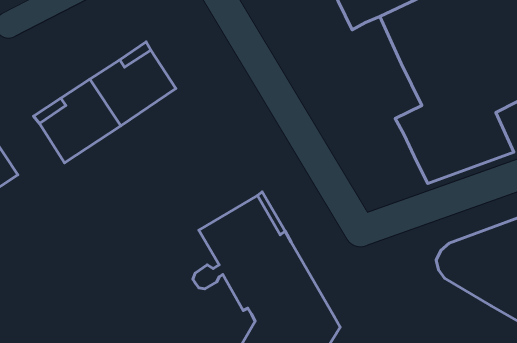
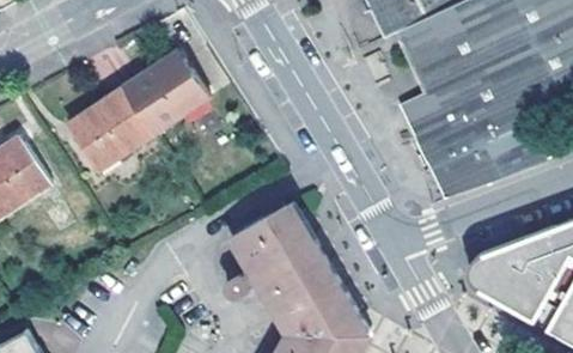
building: none -> [398,25,461,196]

